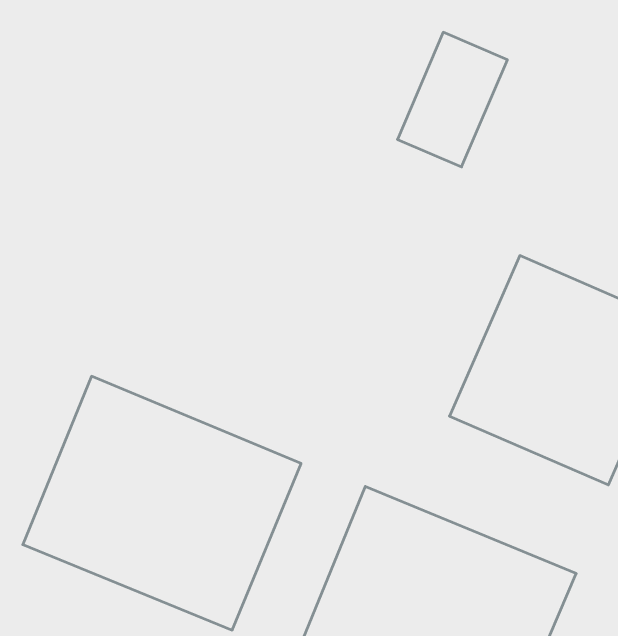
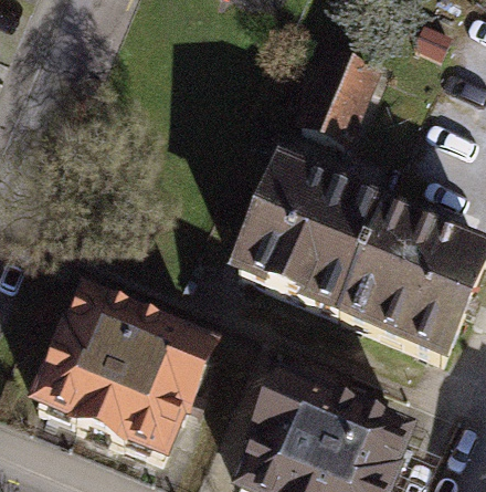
building: none -> [221,155,387,321]

